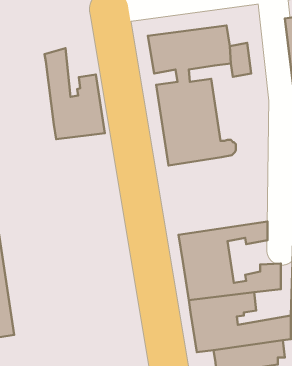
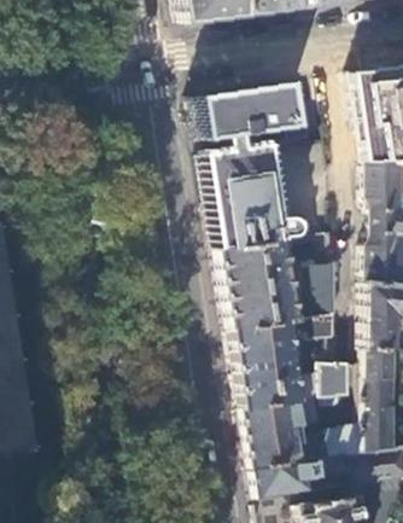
building: [45,48,105,139] -> none
building: none -> [218,238,337,330]

